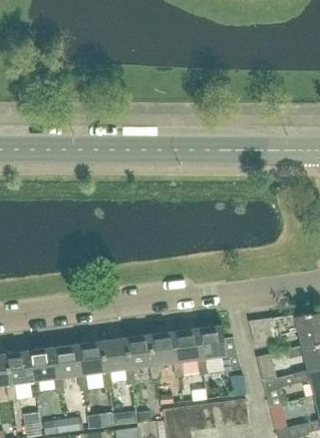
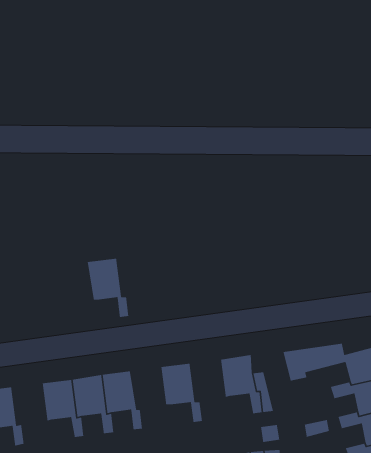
building: [173,328,207,376] -> none
building: [124,334,158,382] -> [87,258,129,318]
building: [29,347,63,394] -> none

